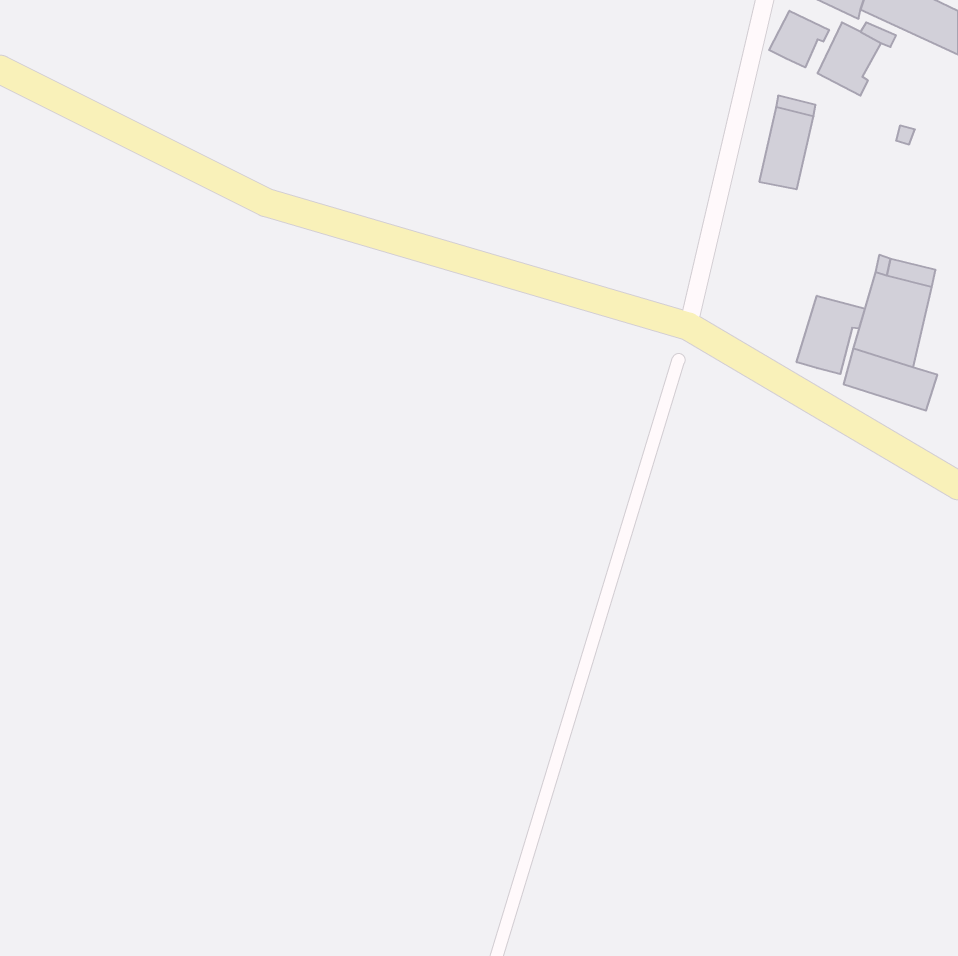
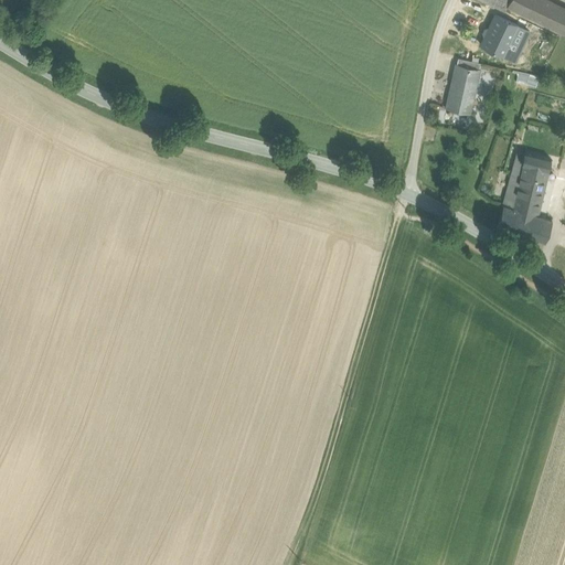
building: [769,11,829,67] -> none
building: [797,296,865,374] -> none

